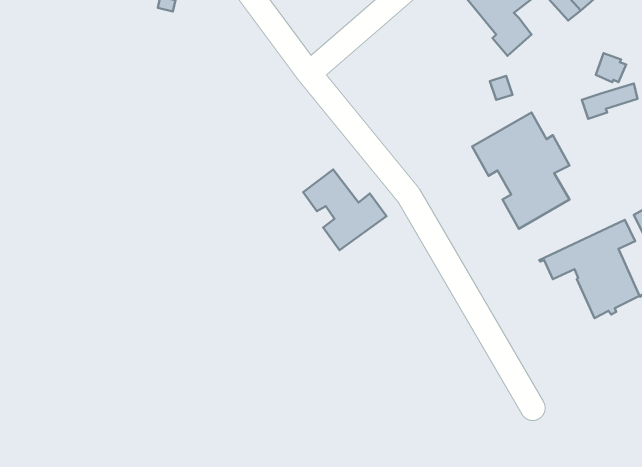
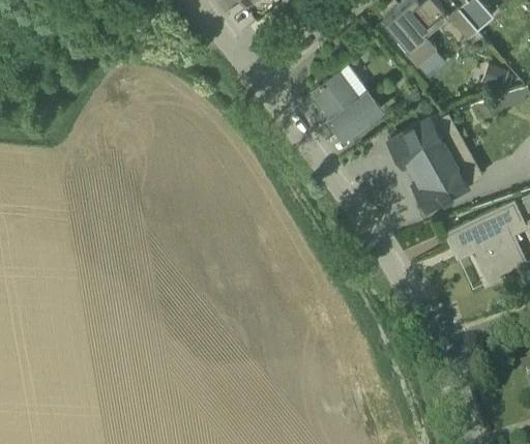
building: [303,170,386,250] -> [312,75,380,141]

